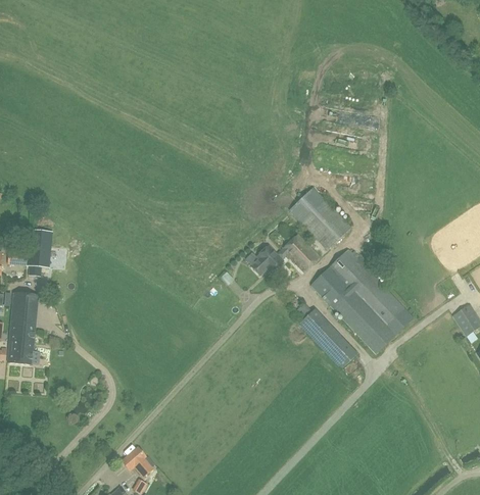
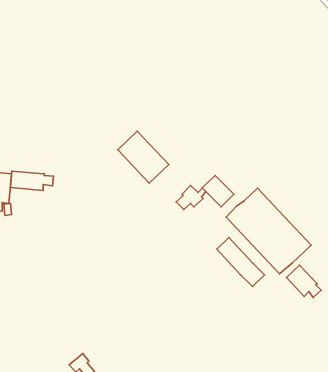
building: [289,187,350,249] -> [118,131,169,183]
building: none -> [10,171,53,190]
building: none -> [286,265,321,297]

